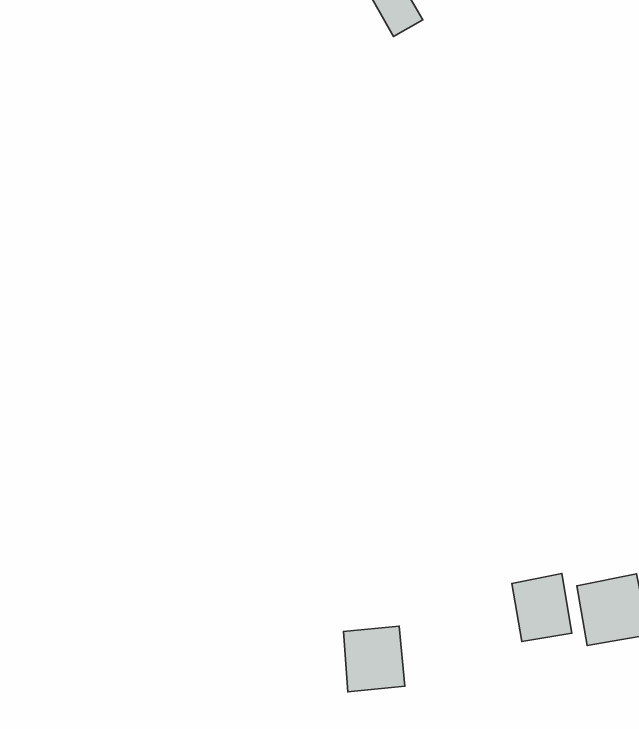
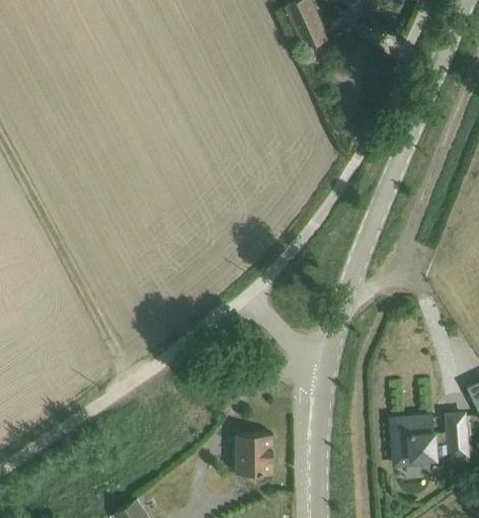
building: [512,573,572,641] -> none

